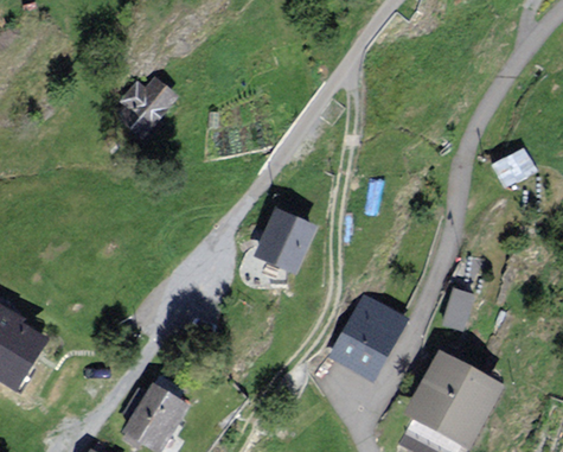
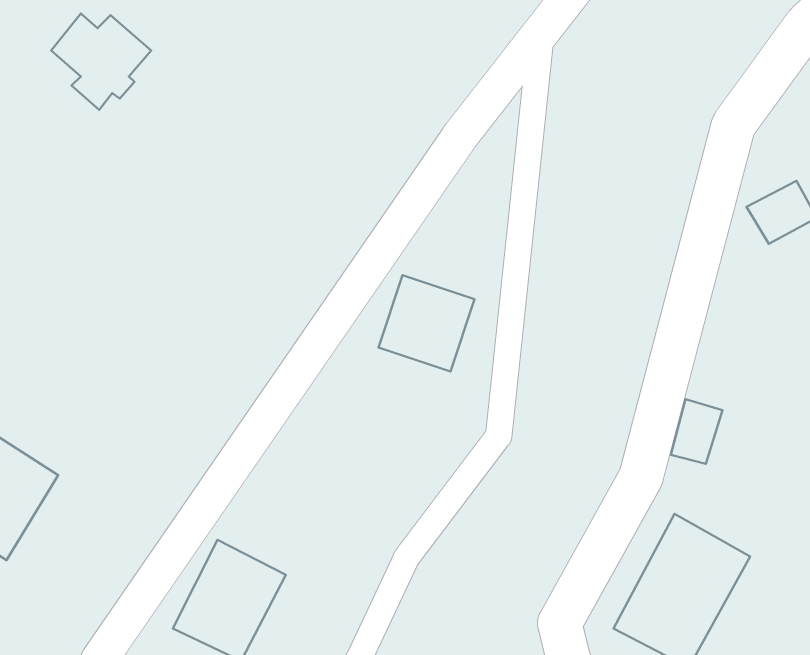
building: [116,79,180,141] -> [51,13,151,110]
building: [328,295,403,378] -> none

